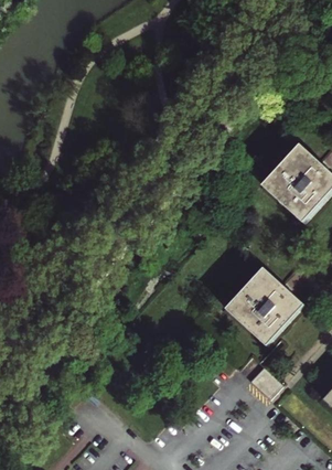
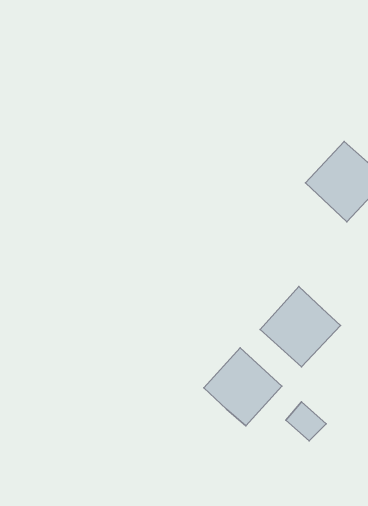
building: none -> [204,348,282,426]

